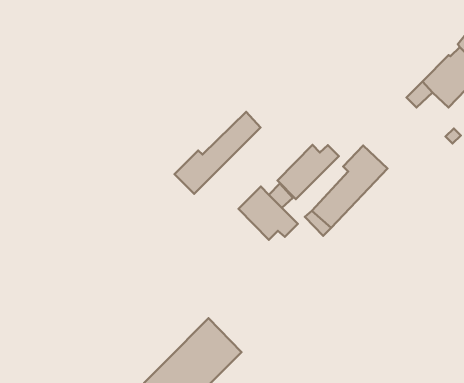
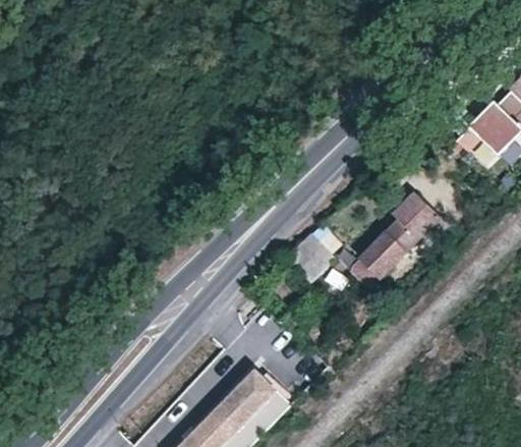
building: [174,112,260,194] -> none
building: [277,145,339,199] -> none

